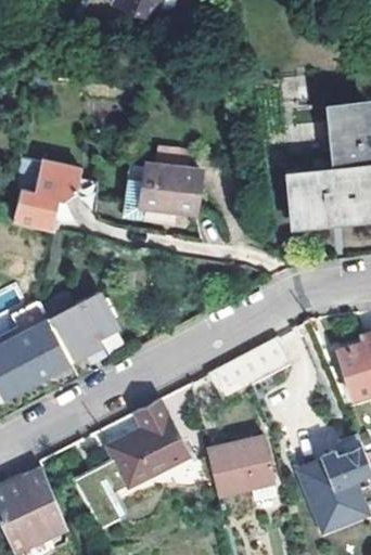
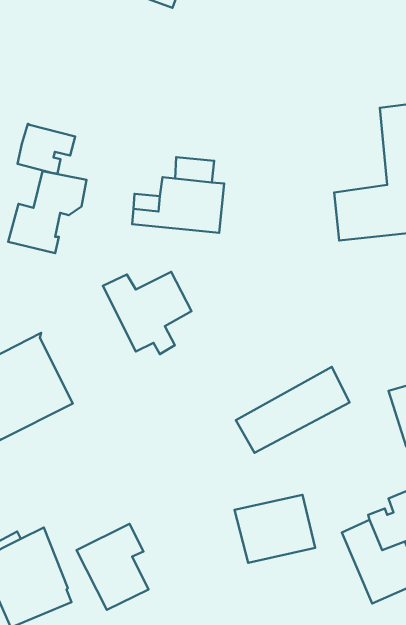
building: none -> [17,124,75,174]
building: [39,293,115,363] -> [103,272,191,354]
building: [107,401,188,488] -> none

